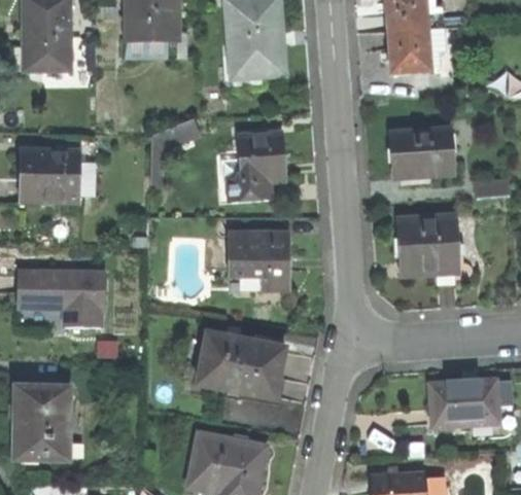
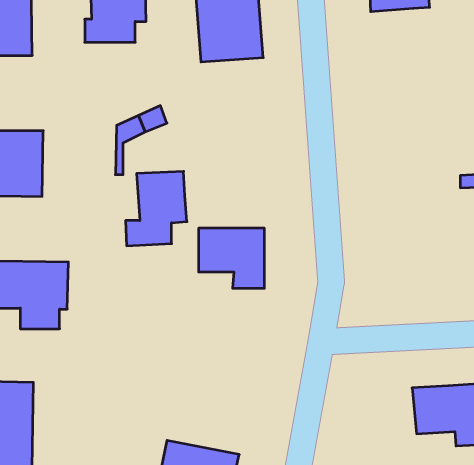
building: [389,27,432,72] -> none
building: [392,128,453,177] -> none
building: [228,133,285,203] -> [126,171,187,246]
building: [397,216,458,276] -> none
building: [196,333,284,400] -> none

